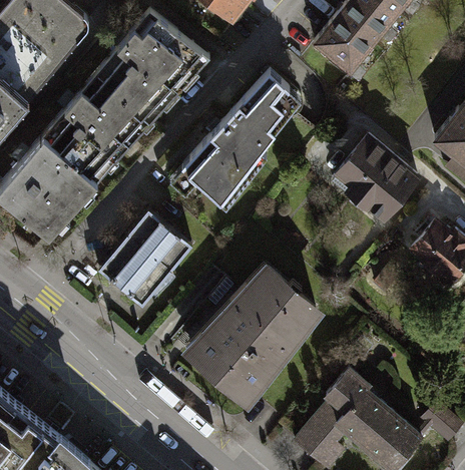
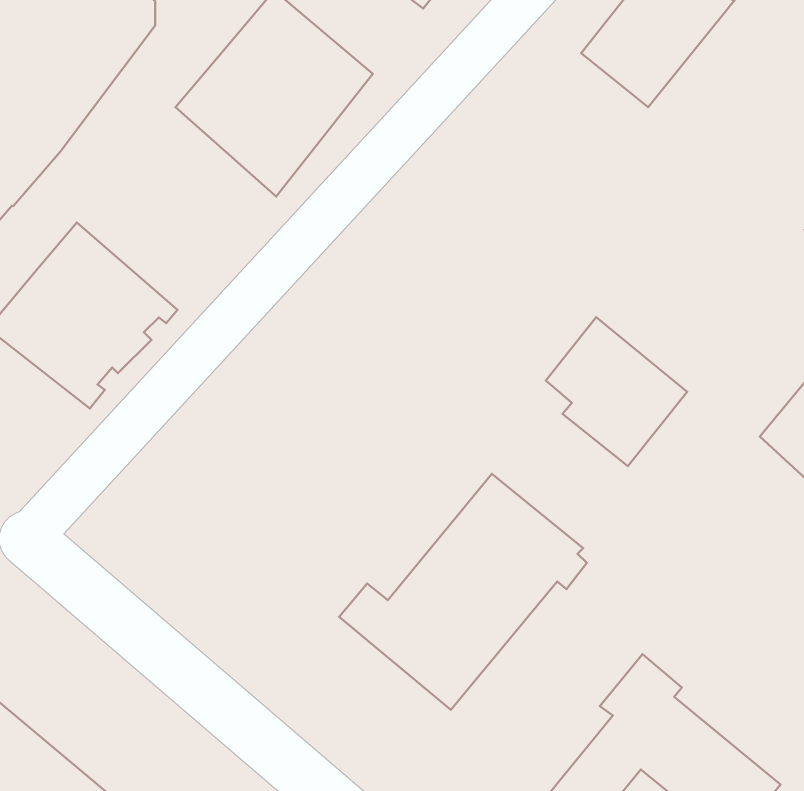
building: [183,71,292,204] -> none
building: [43,73,150,182] -> none
building: [340,137,416,217] -> [546,317,687,466]
building: [97,212,192,307] -> none

